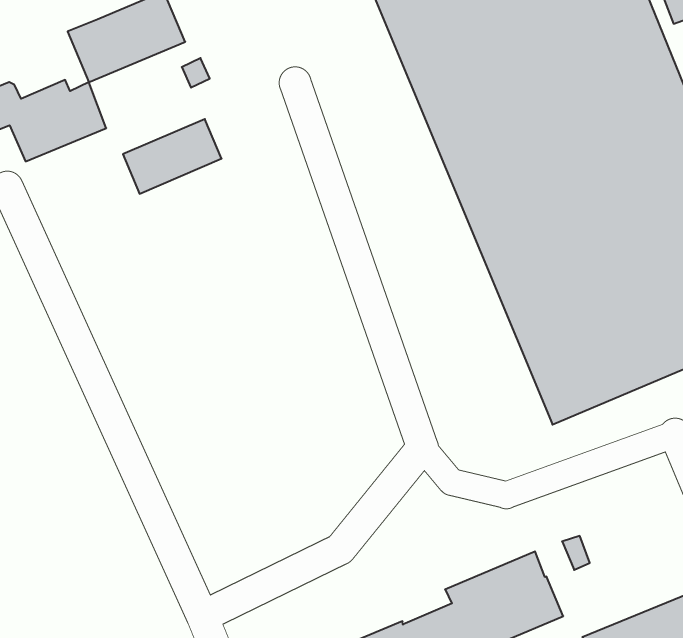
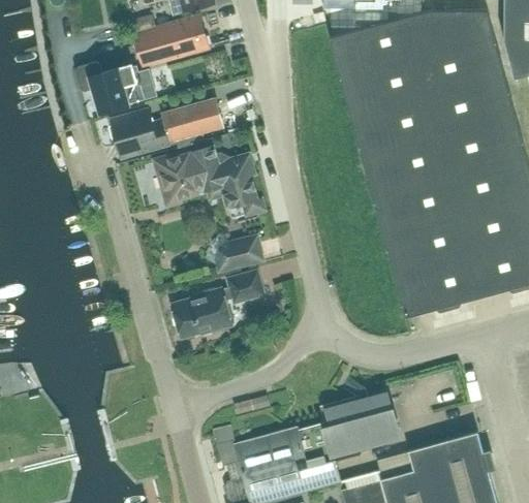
building: none -> [111,107,168,149]
building: none -> [151,146,268,216]
building: none -> [207,235,261,272]
building: none -> [173,272,262,337]

